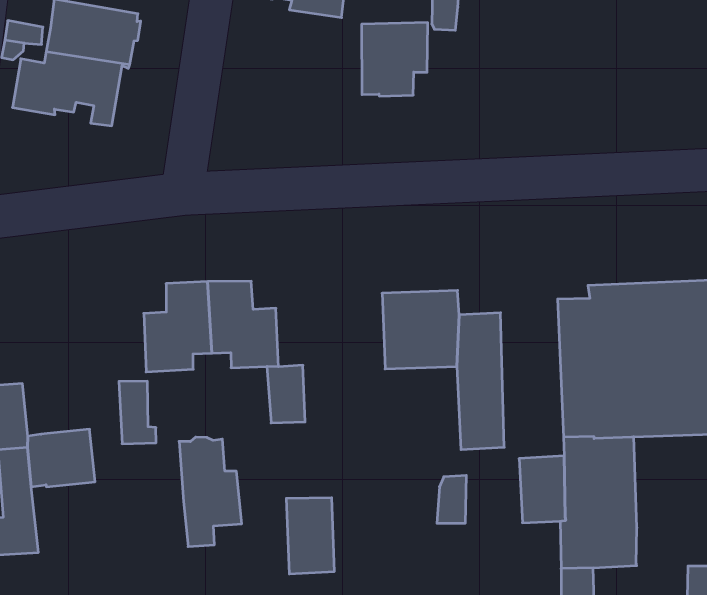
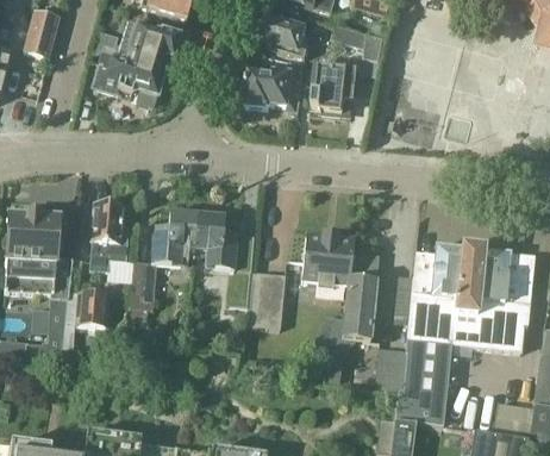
building: none -> [245,61,305,113]
building: [179,437,242,547] -> [92,200,129,269]
building: [286,498,334,574] -> [252,277,286,327]

